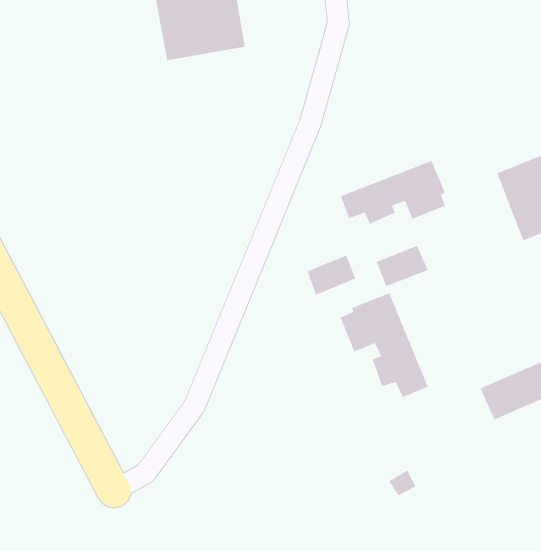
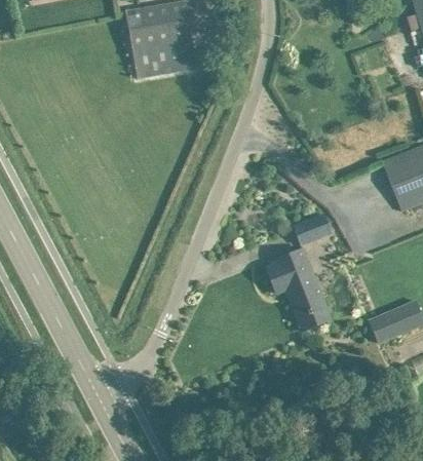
building: [340,160,446,224] -> none
building: [307,255,356,296] -> none

